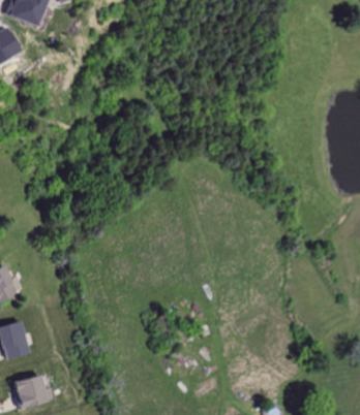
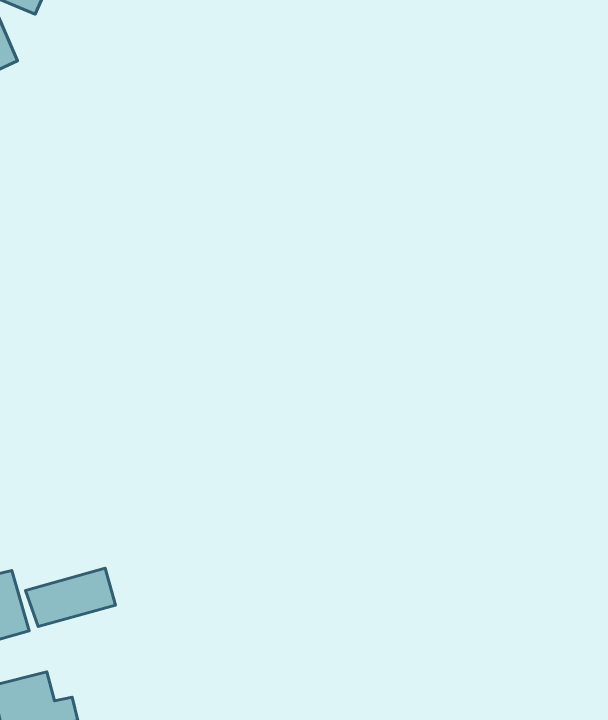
building: none -> [26,568,115,626]

